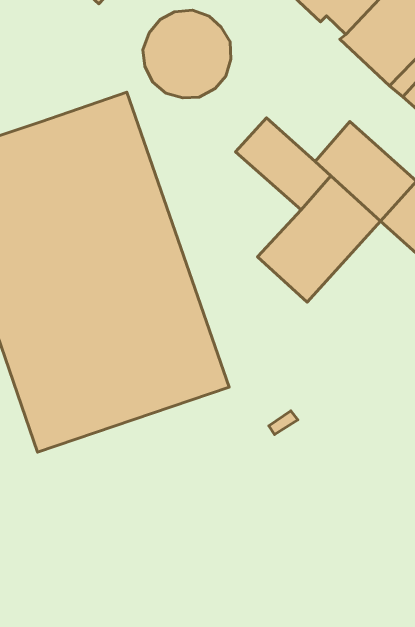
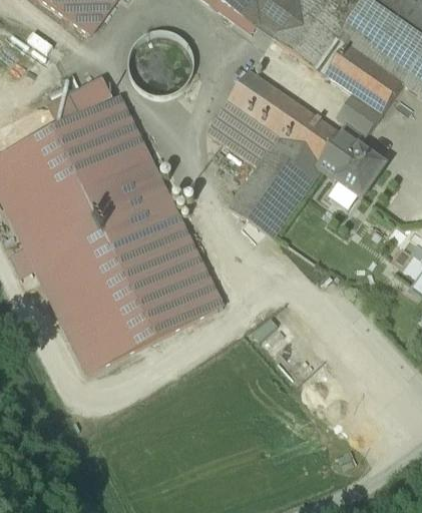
building: none -> [48,78,112,125]
building: none -> [226,69,288,129]

